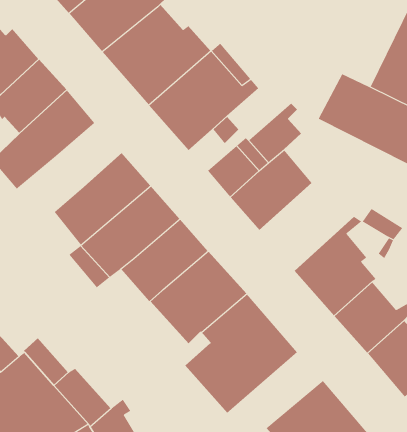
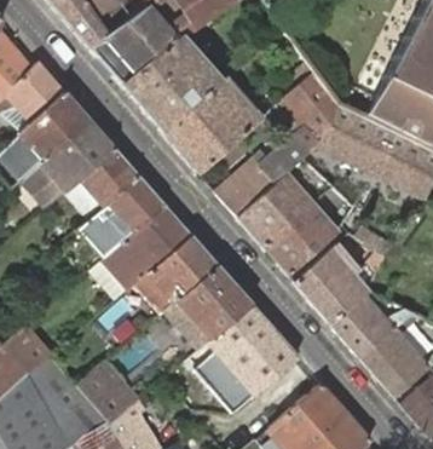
building: none -> [284,71,340,159]
building: none -> [81,149,140,207]
building: none -> [265,203,339,276]

